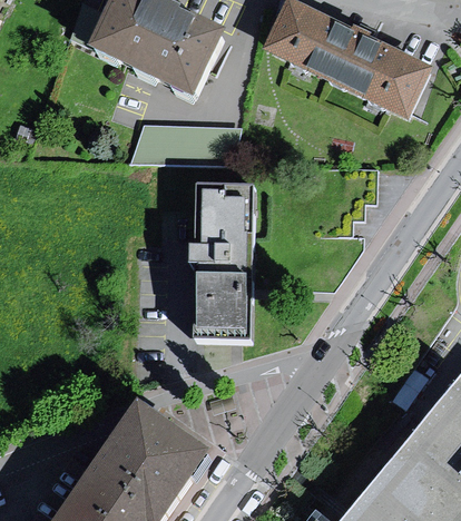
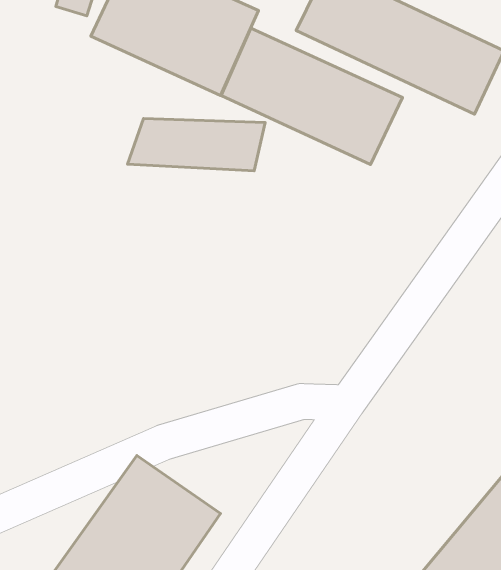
building: none -> [221,28,402,164]
building: [189,183,261,338] -> none

